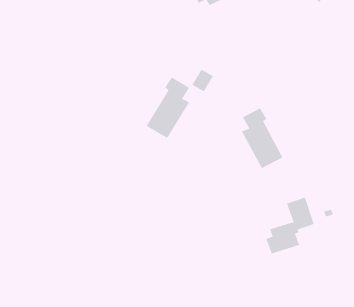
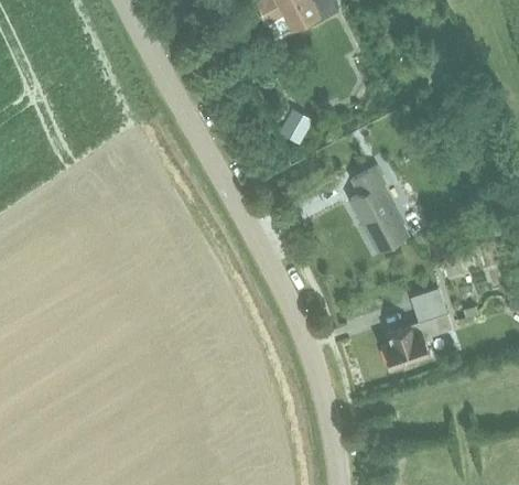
building: [146,77,190,139] -> none

